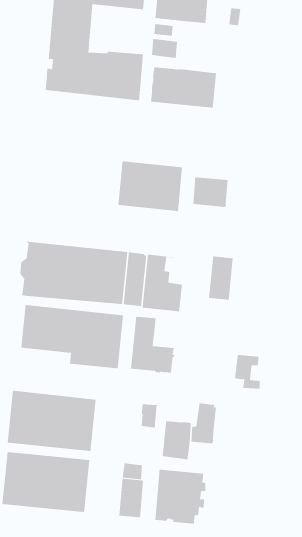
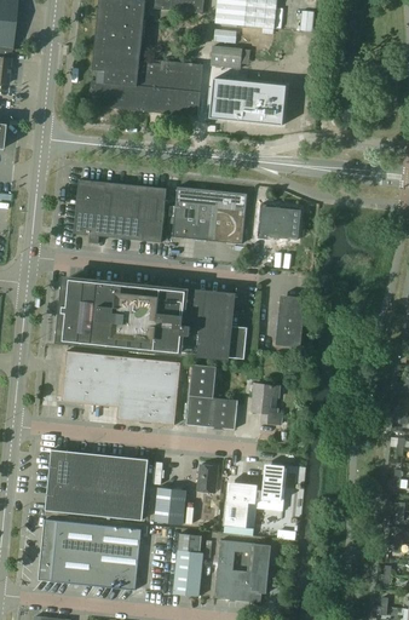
building: none -> [73,178,166,242]
building: [234,354,260,389] -> [250,383,281,423]
building: none -> [154,487,186,523]

